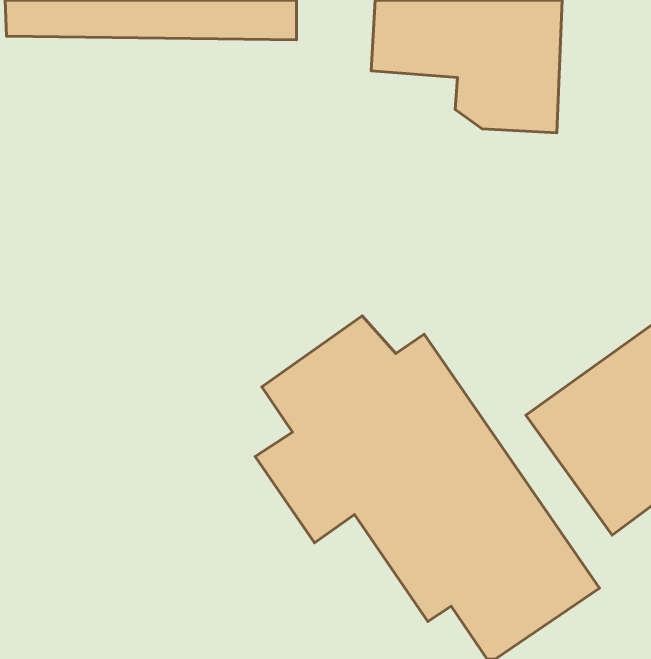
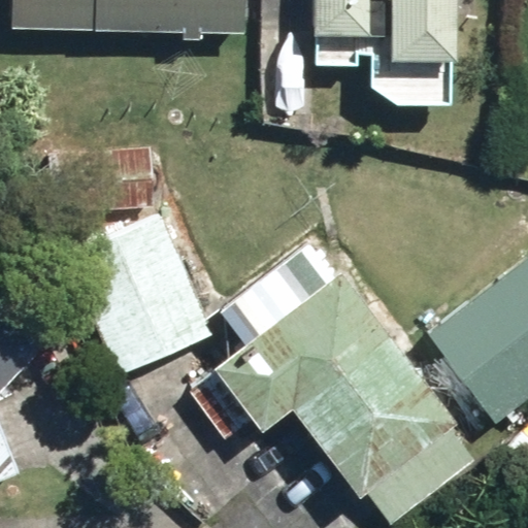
building: none -> [69,220,216,374]

